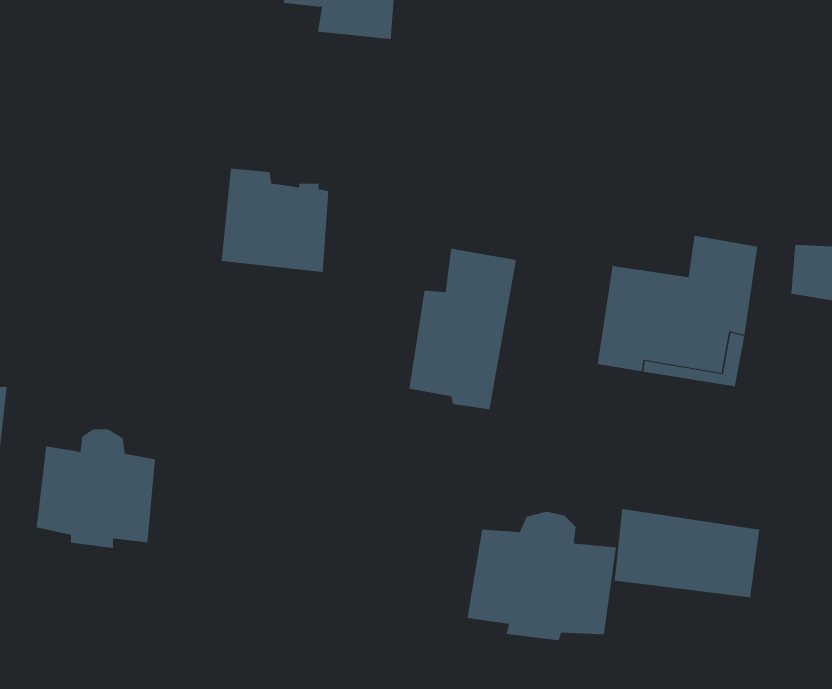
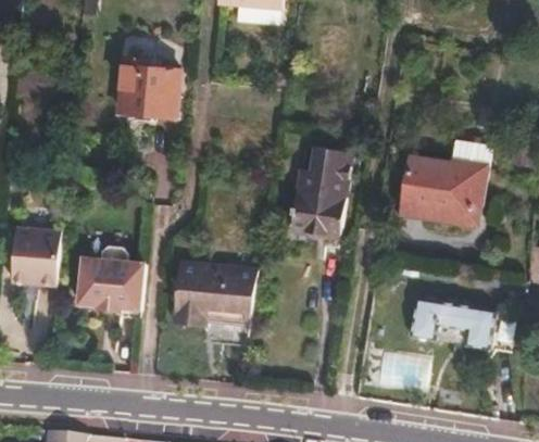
building: [221,168,329,273] -> [117,58,179,117]
building: none -> [171,257,259,332]
building: [467,511,616,641] -> none

